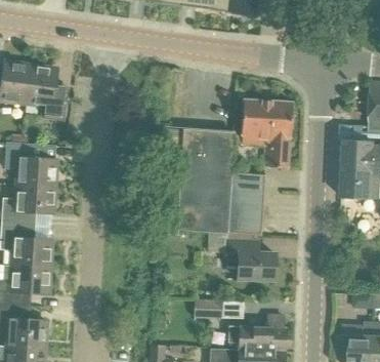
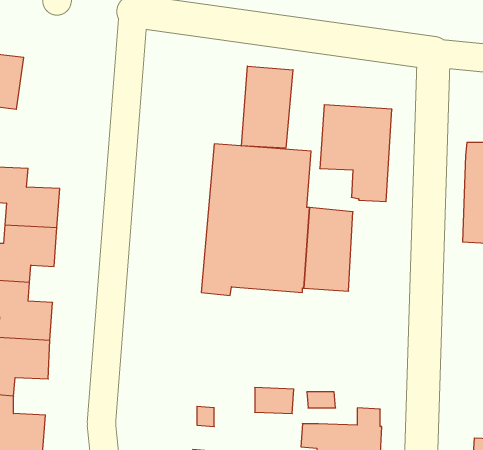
building: [25,65,68,120] -> none
building: none -> [242,66,293,148]
building: [223,239,275,279] -> none

